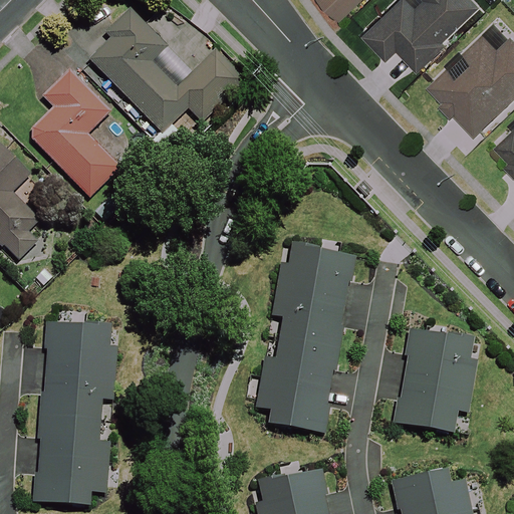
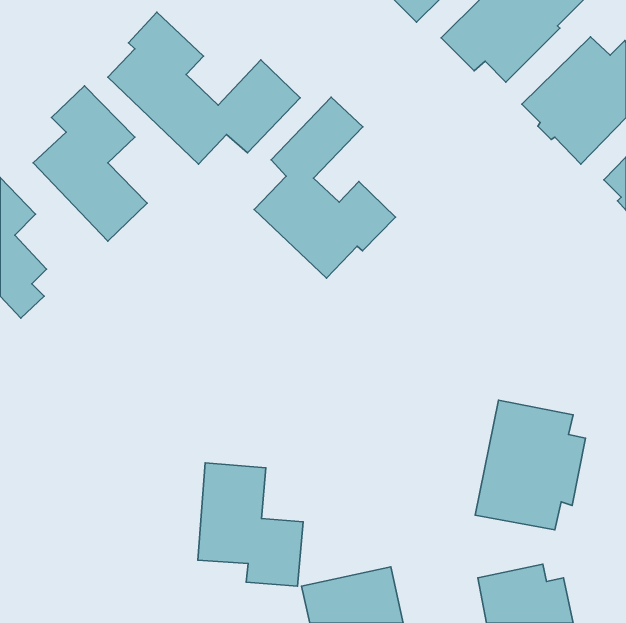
building: none -> [254,97,396,278]
building: [255,239,360,433] -> none
building: [34,324,118,500] -> none
building: none -> [198,463,303,586]

